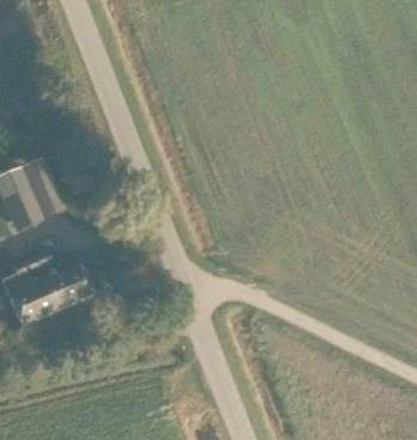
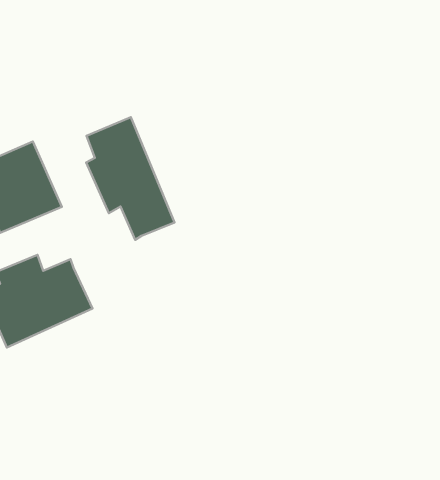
building: none -> [86,117,175,240]

